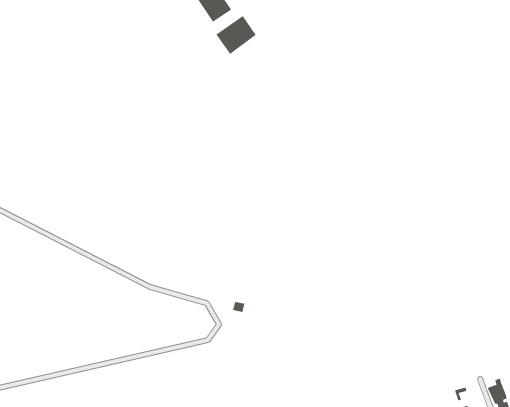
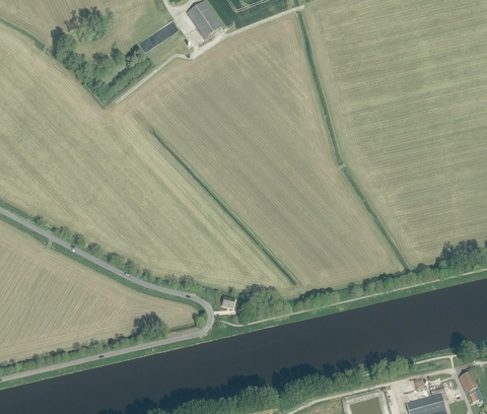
building: [215,15,257,55] -> none

